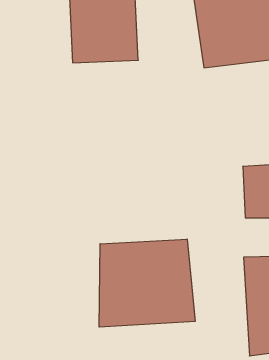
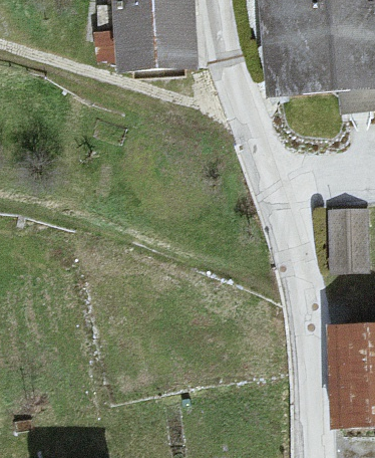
building: [99,239,195,327] -> none

